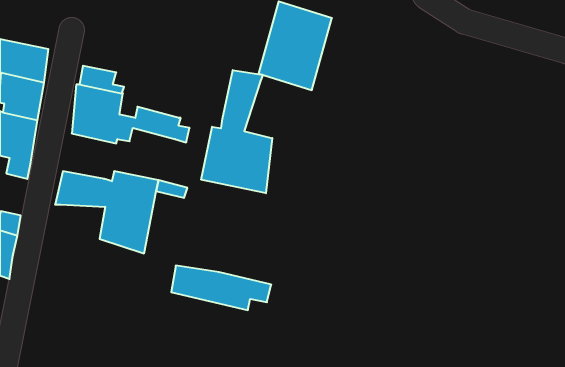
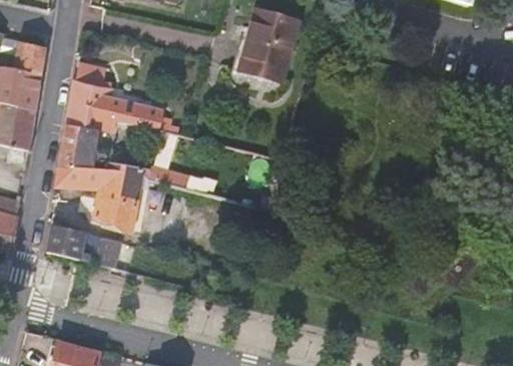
building: [201,70,272,193] -> none
building: none -> [58,123,102,164]
building: [171,266,271,310] -> [45,227,135,267]

